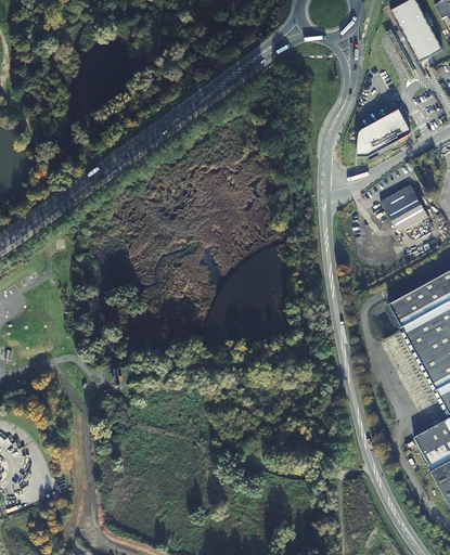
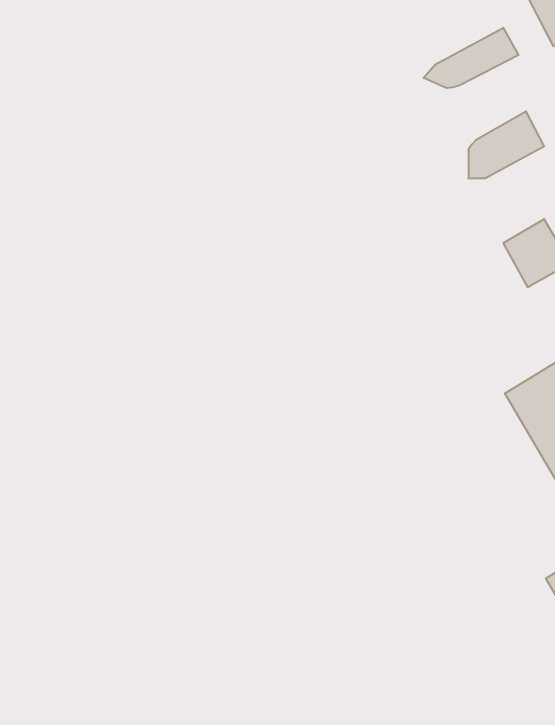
building: none -> [423,28,519,88]

